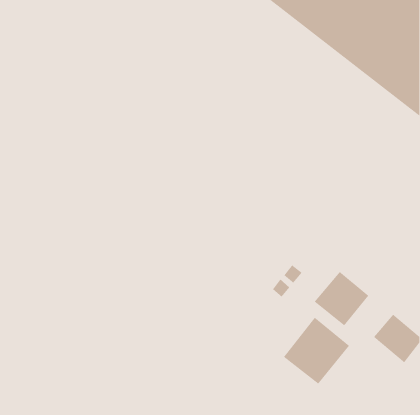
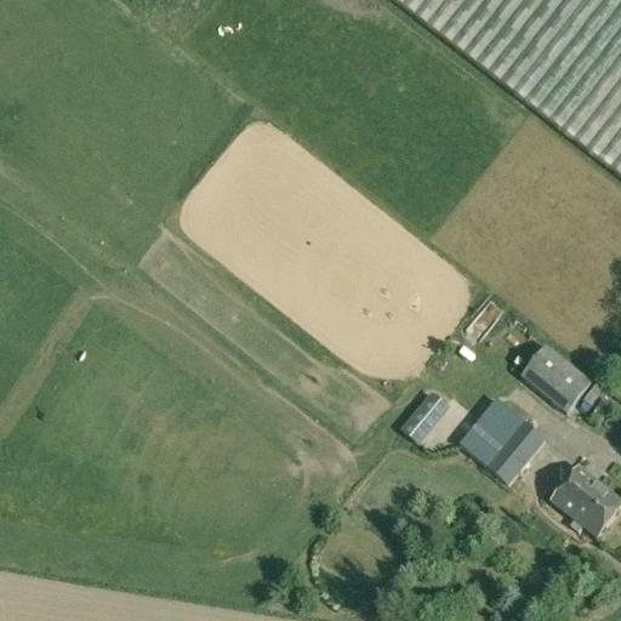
building: none -> [519,342,593,412]
building: [283,317,350,385] -> none

